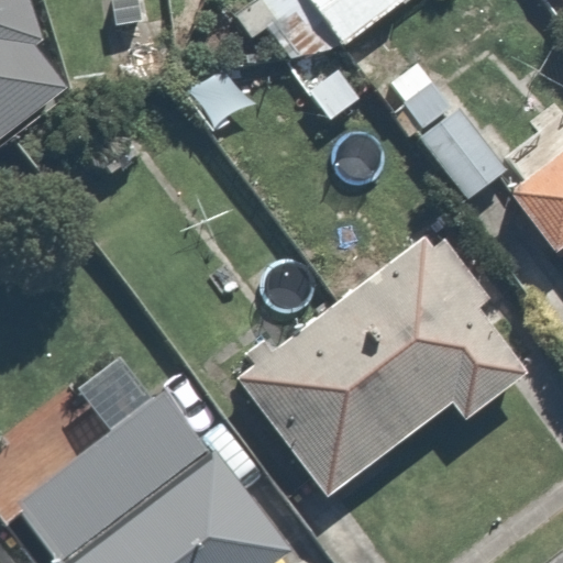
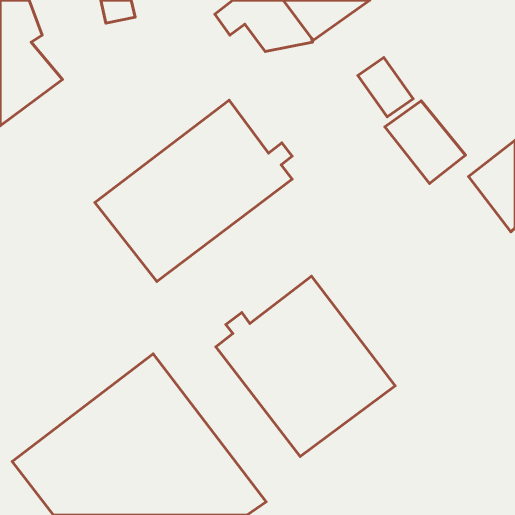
building: none -> [95,100,292,281]
building: [340,236,528,422] -> none

